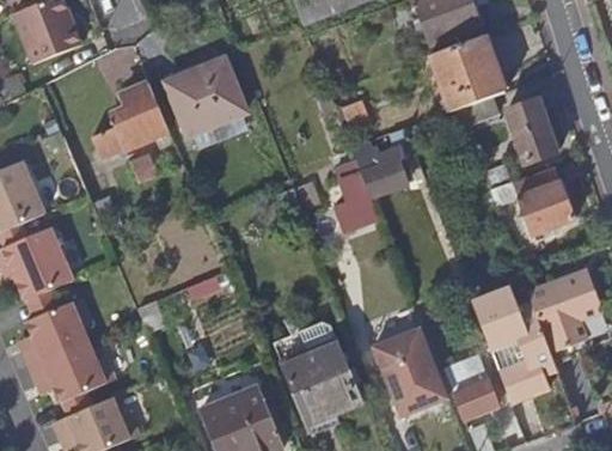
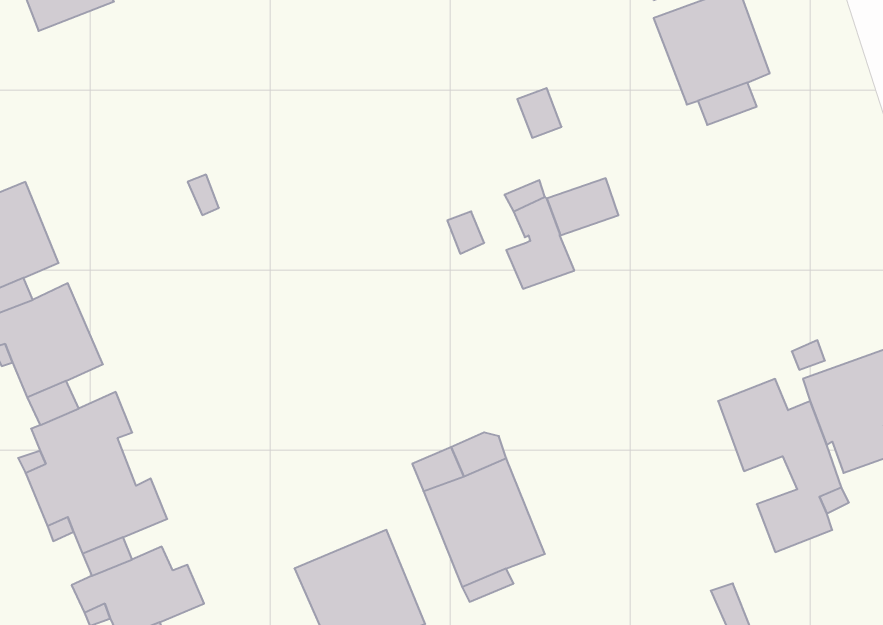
building: [165,55,244,132] -> none
building: [90,83,166,159] -> none
building: [507,98,558,164] -> none
building: [512,165,574,237] -> none
building: [374,327,448,418] -> none
building: [445,360,498,419] -> none

